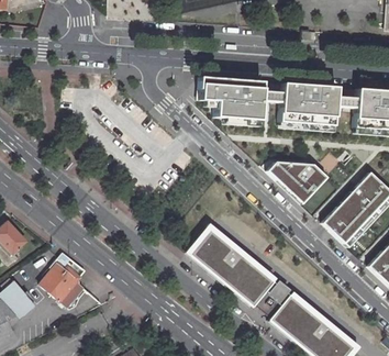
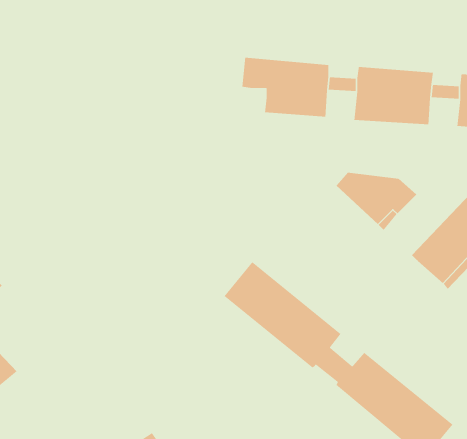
building: [41,255,90,307] -> none

